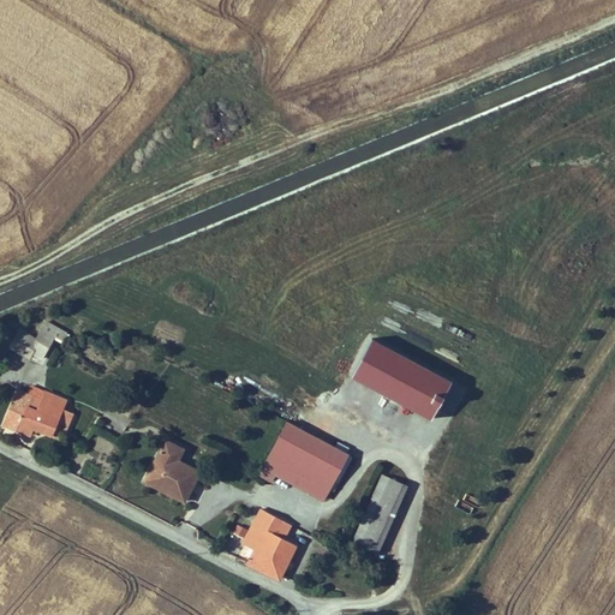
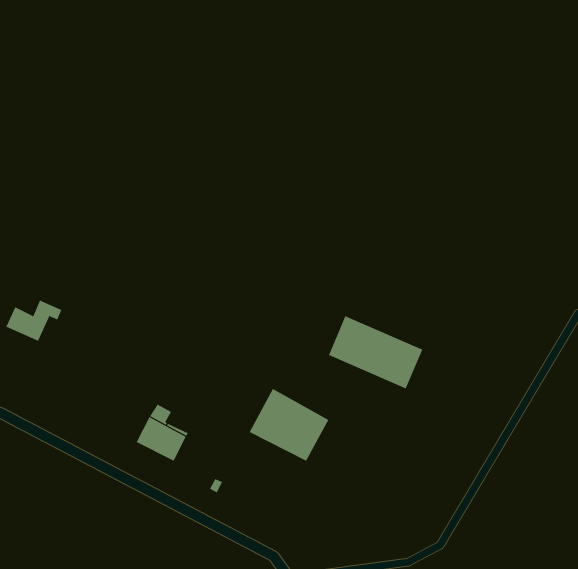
building: [5,387,65,432] -> none
building: [350,480,407,561] -> none
building: [241,508,295,577] -> none

